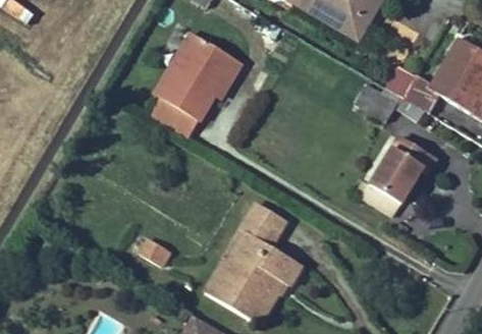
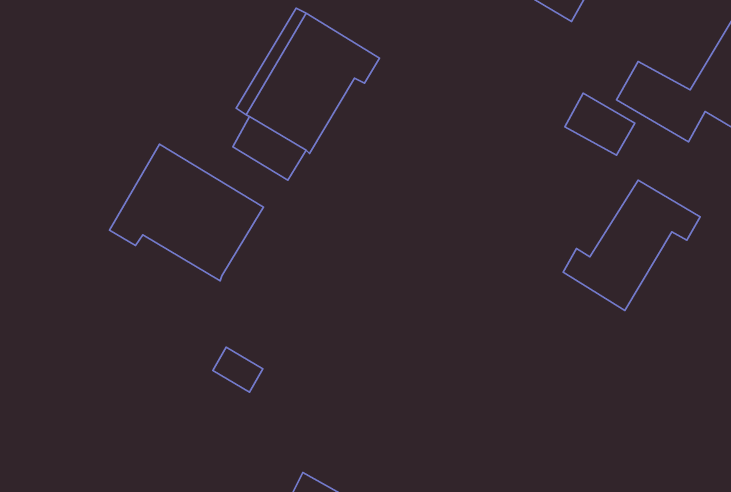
building: none -> [110,144,264,281]
building: [206,203,304,322] -> none

